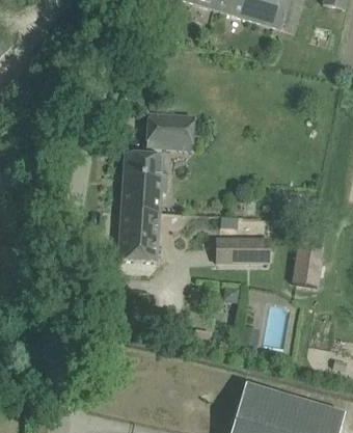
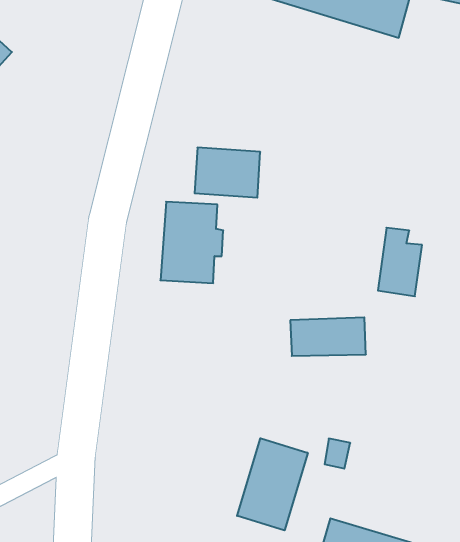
building: [117,208,159,260] -> none
building: [291,235,323,285] -> [378,228,422,296]
building: none -> [237,438,308,530]

